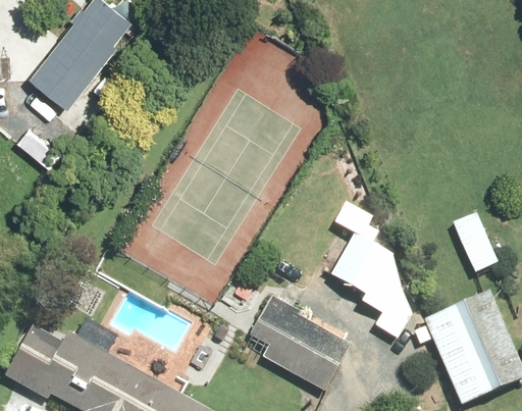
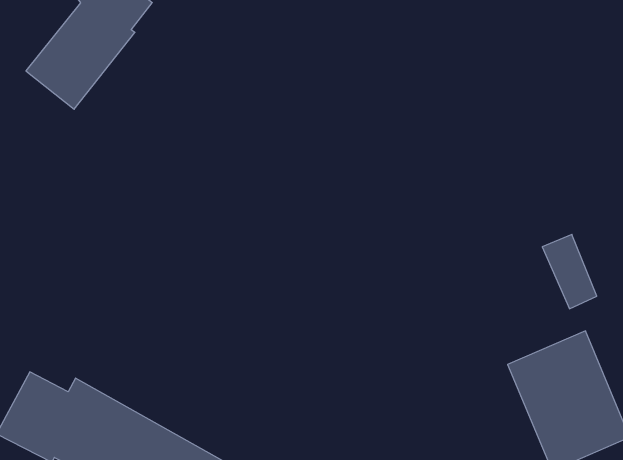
building: [330,233,433,338] -> none
building: [250,294,351,391] -> none

